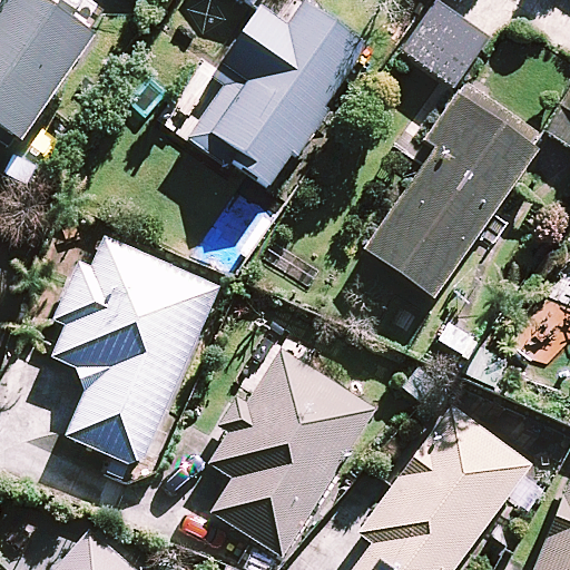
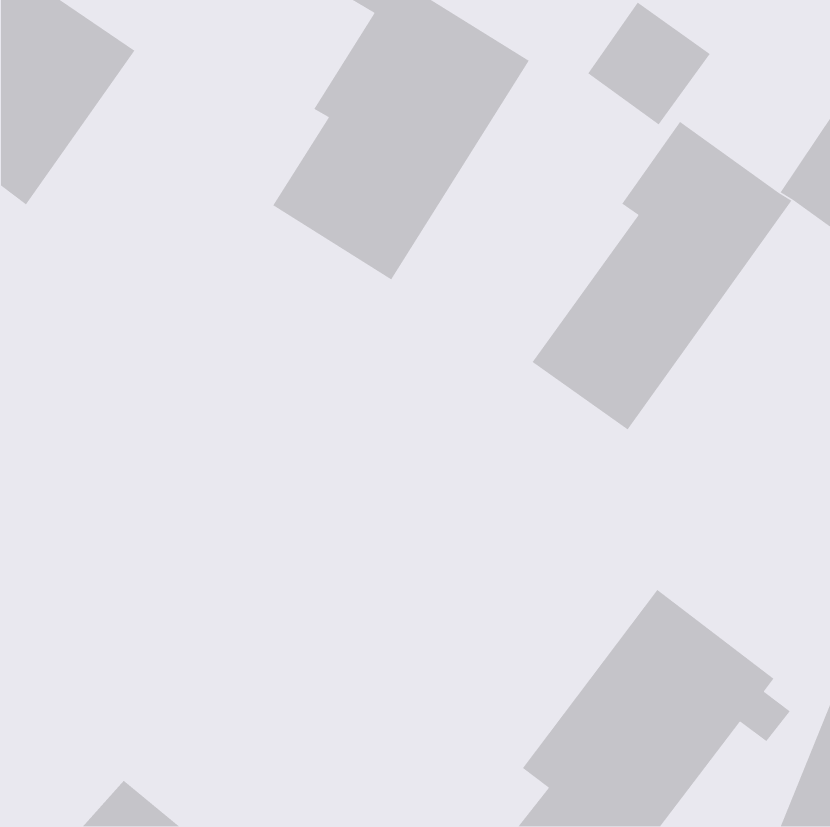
building: [52,232,220,468] -> none
building: [209,350,375,556] -> none

